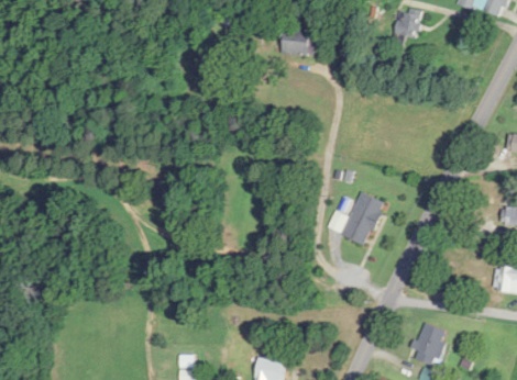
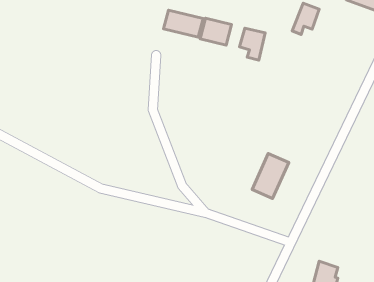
building: none -> [164,10,203,37]
building: none -> [240,28,265,60]

